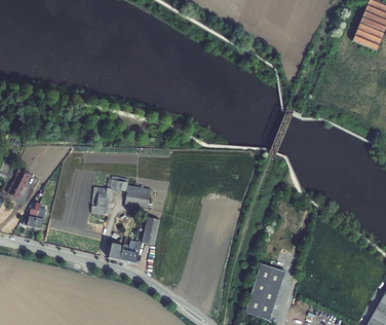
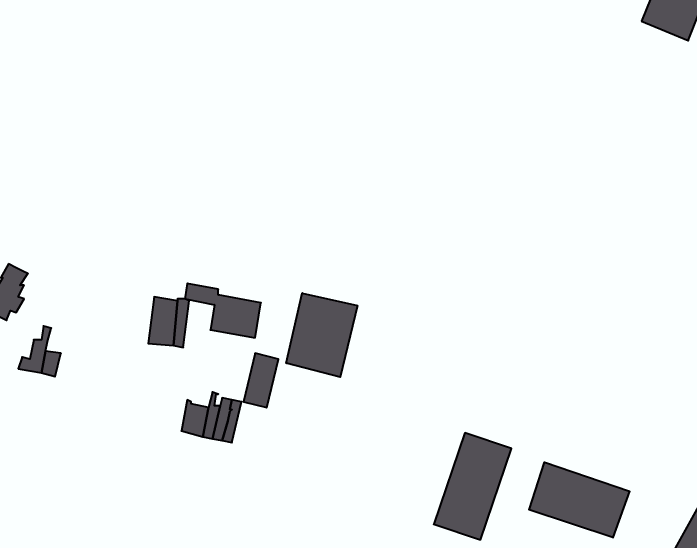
building: none -> [286,293,357,377]
building: none -> [529,462,630,538]

